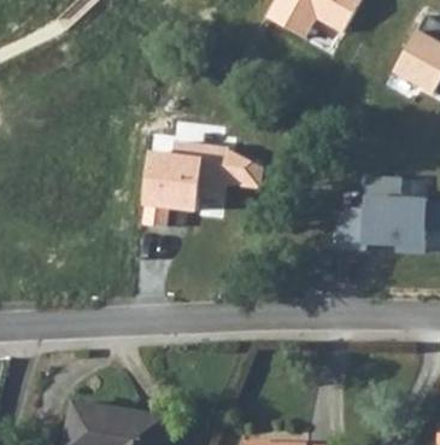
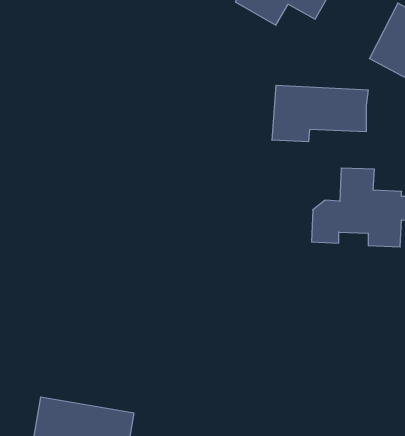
building: none -> [272,85,368,142]
building: [137,137,265,215] -> none

